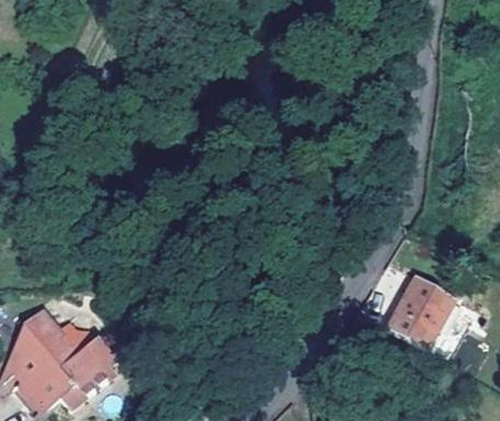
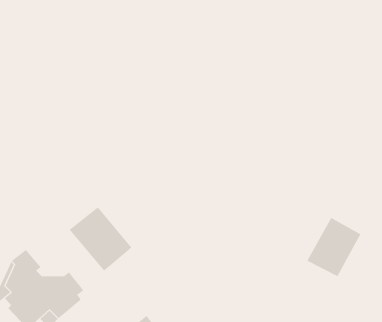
building: none -> [69,206,132,272]

